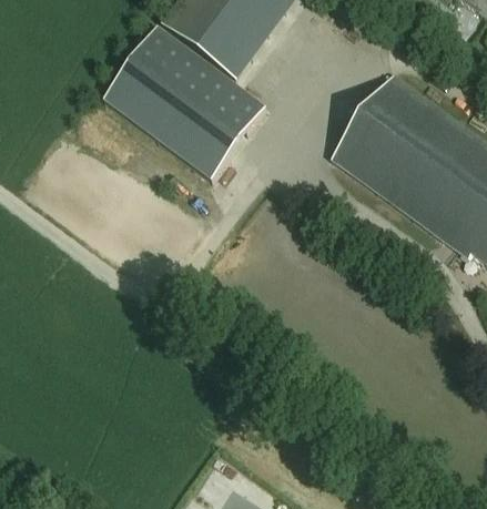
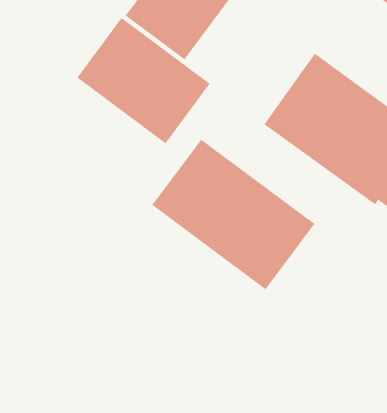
building: none -> [152,139,315,290]

